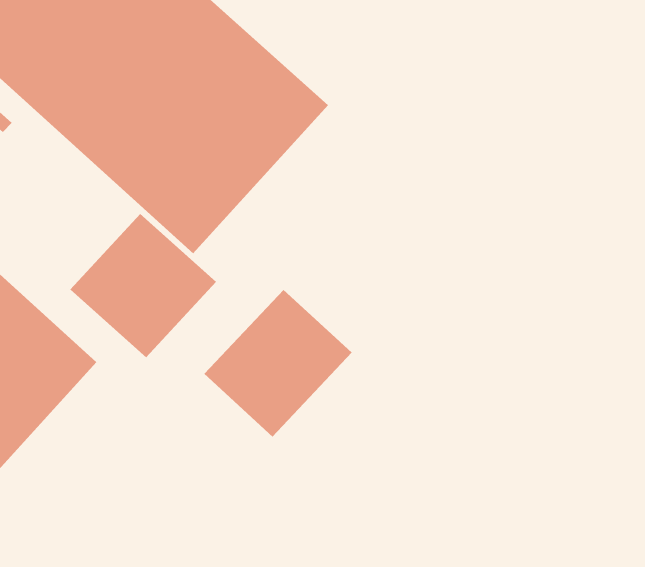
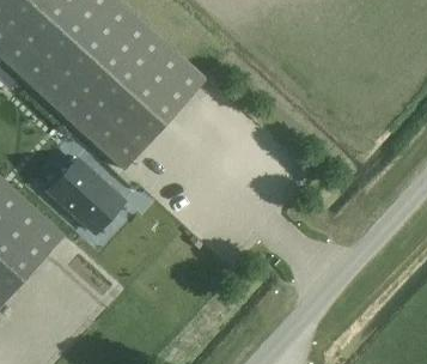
building: [204,289,352,437] -> none

